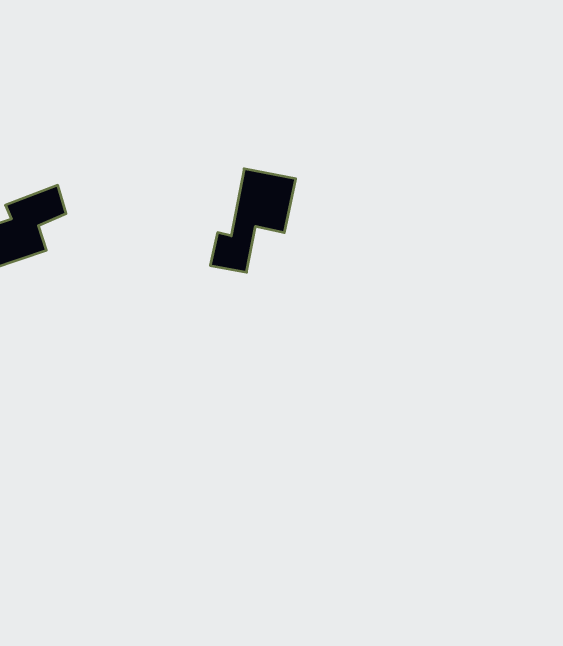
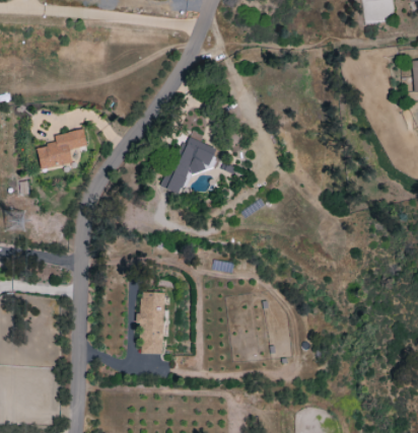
building: none -> [141,292,165,354]

